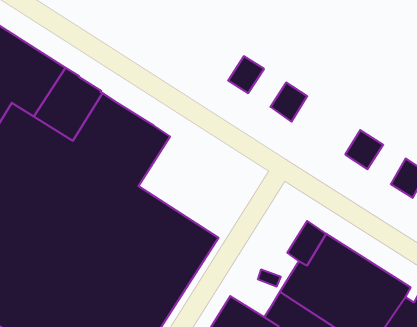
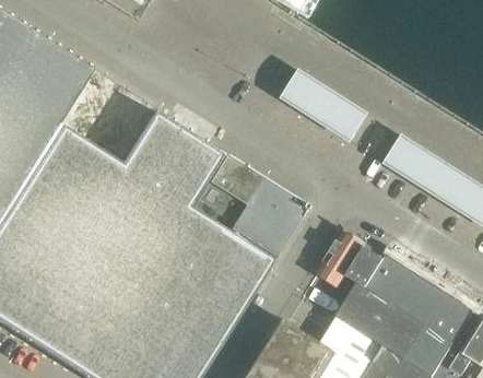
building: none -> [304,86,343,126]
building: none -> [386,139,420,175]
building: none -> [192,155,307,258]
building: none -> [427,165,467,205]
building: none -> [316,231,365,288]

